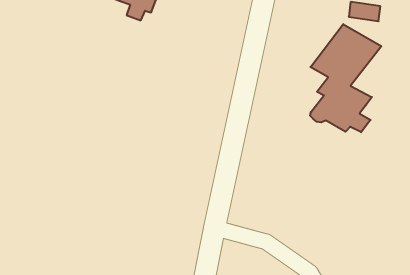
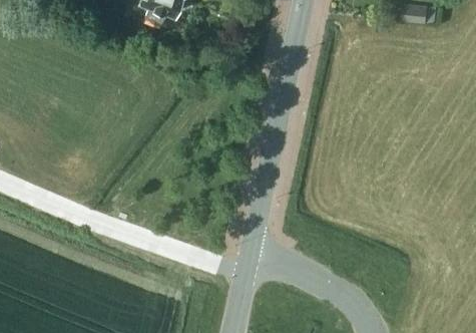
building: [310,24,381,132] -> none

